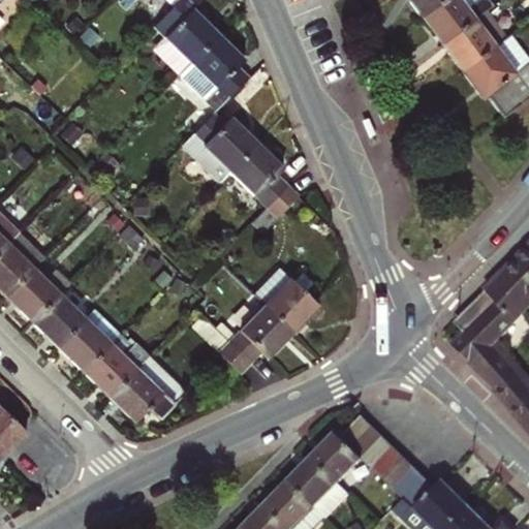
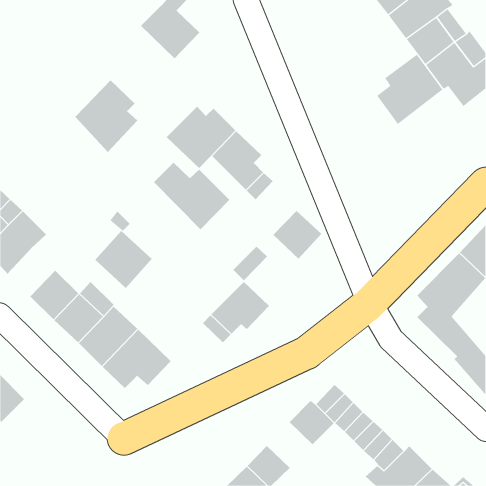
building: [178,35,247,115] -> [74,80,138,153]
building: none -> [376,54,443,125]
building: none -> [153,162,230,230]
building: none -> [95,230,153,289]
building: [8,269,60,321] -> none
building: [264,278,318,332] -> [273,210,322,260]
building: [289,458,349,518] -> none

